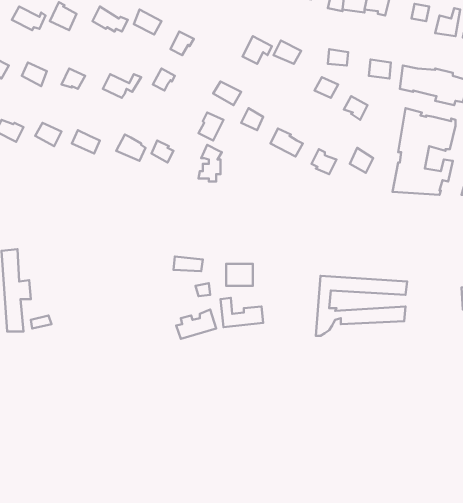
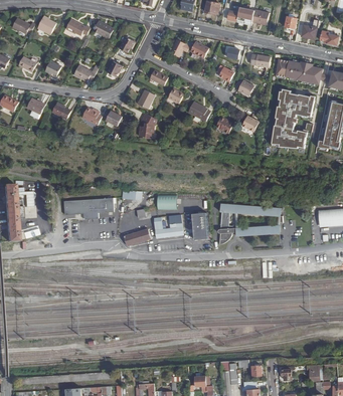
building: none -> [63,197,113,218]
building: none -> [194,210,210,237]

